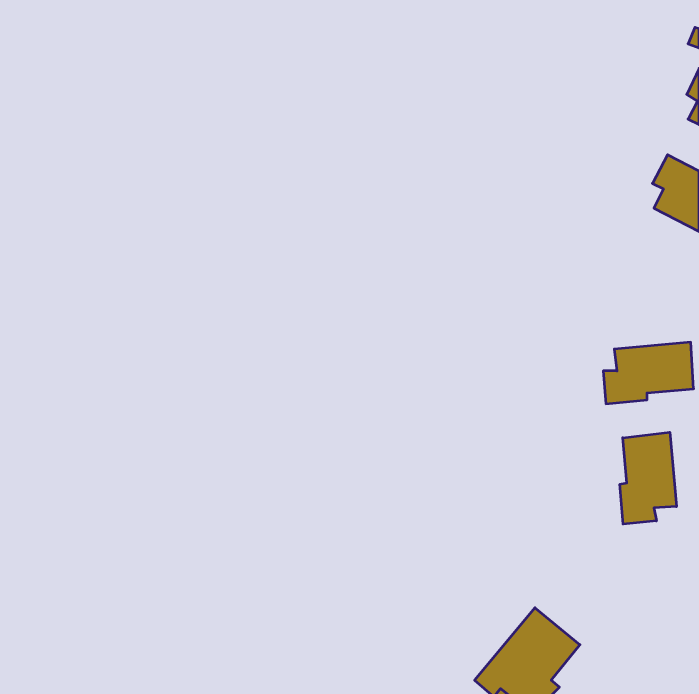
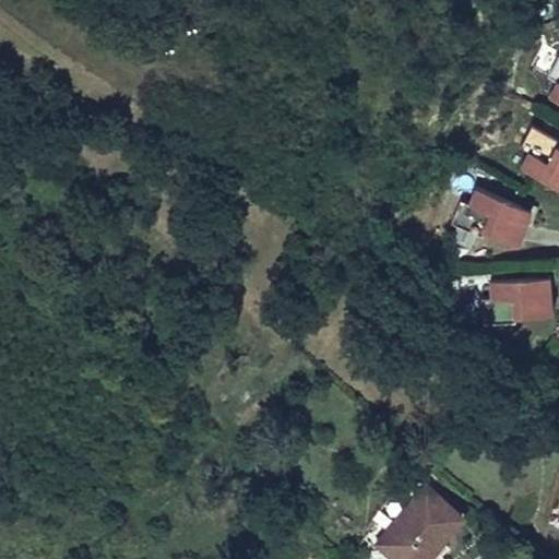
building: none -> [452,191,533,247]
building: [620,432,676,524] -> none

